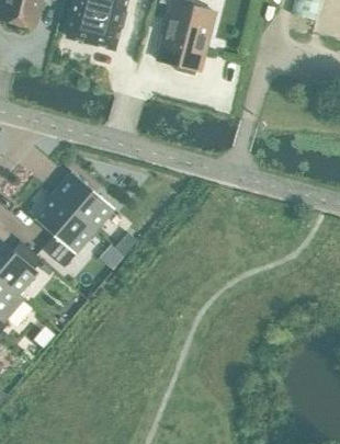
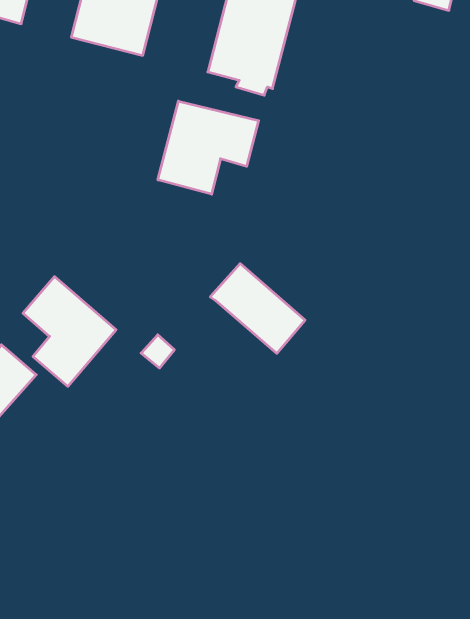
building: none -> [158,101,259,194]
building: [52,170,114,229] -> [210,264,305,353]

